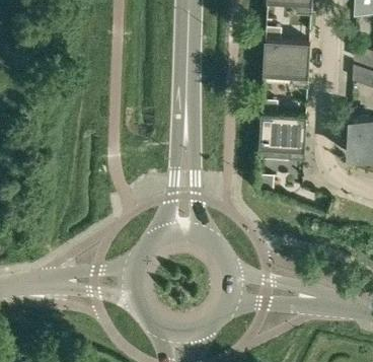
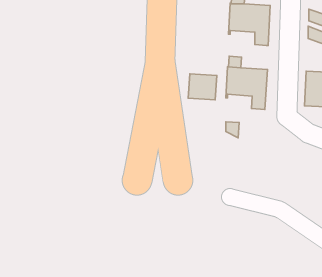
building: none -> [188,74,217,100]

